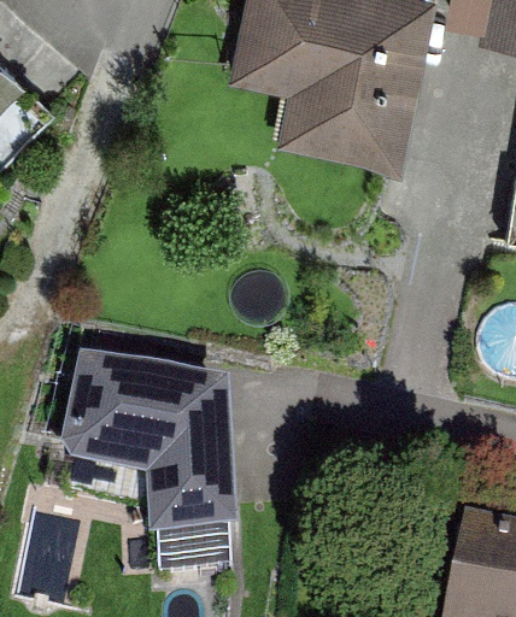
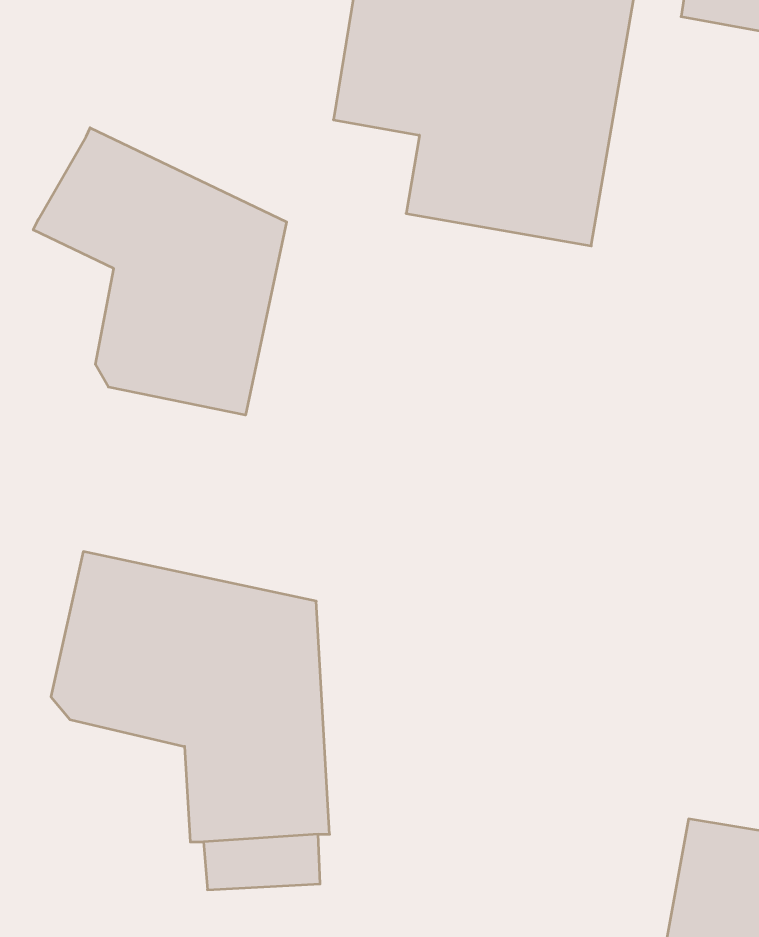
building: none -> [33,128,287,415]

